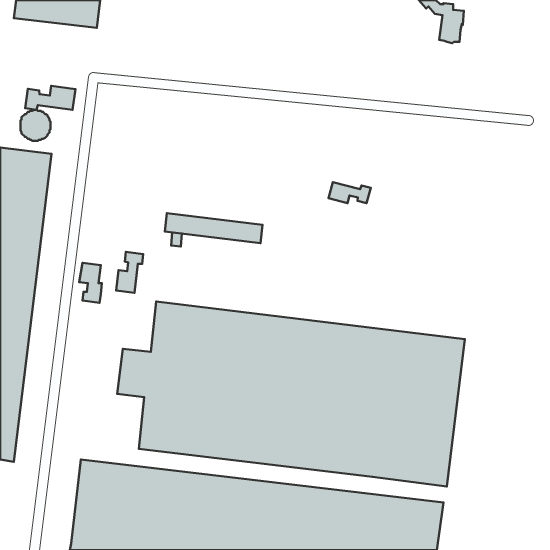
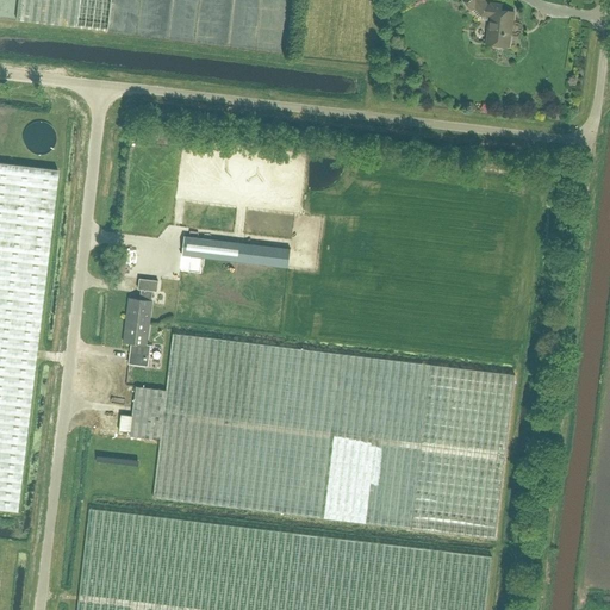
building: [25,86,76,110] -> none
building: [328,182,371,203] -> none
building: [79,263,102,303] -> [125,322,150,366]

